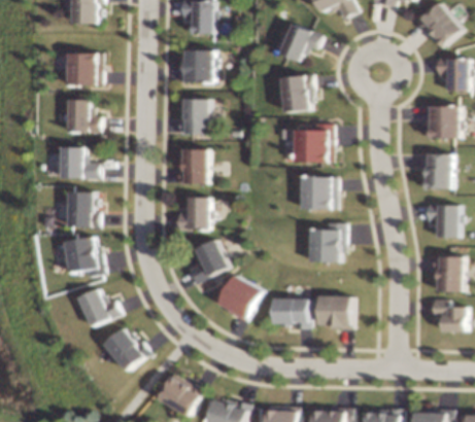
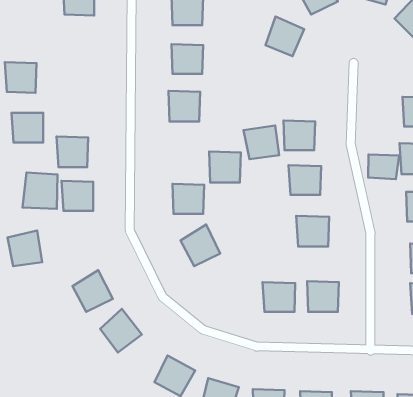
building: [66,51,99,83] -> [5,62,36,93]
building: [276,75,313,110] -> [243,125,279,159]
building: [65,102,98,133] -> [11,113,43,143]
building: [178,148,211,180] -> [209,152,241,182]
building: none -> [368,155,399,179]
building: none -> [22,173,58,209]
building: [66,237,102,274] -> [7,230,42,266]
building: [219,275,262,318] -> none

